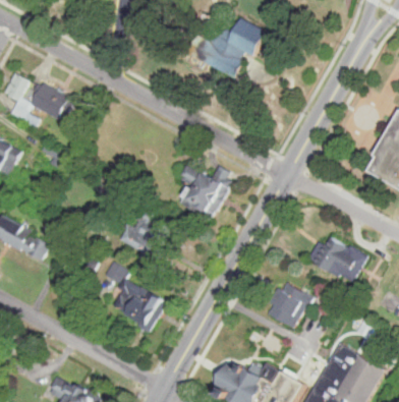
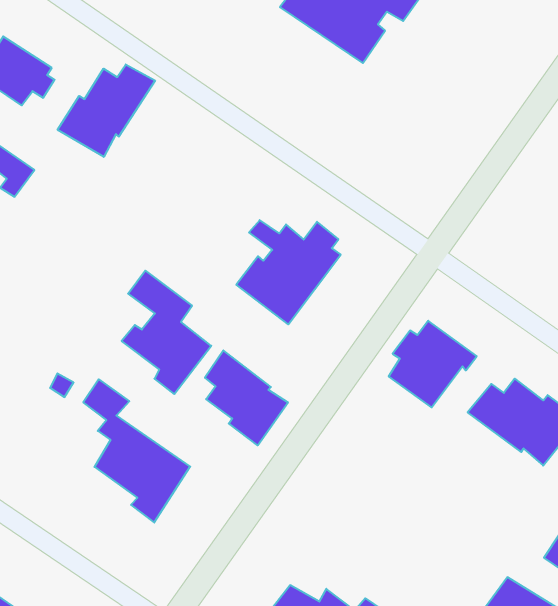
building: none -> [58,64,155,157]
building: none -> [205,350,288,445]
building: [269,284,315,330] -> [389,321,477,407]

